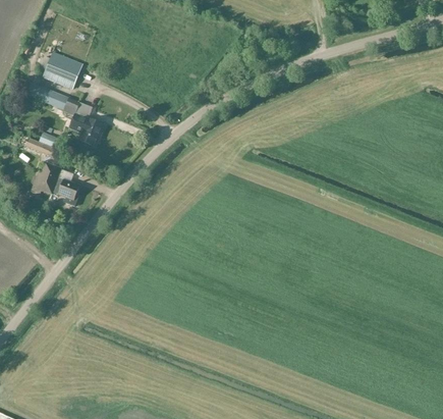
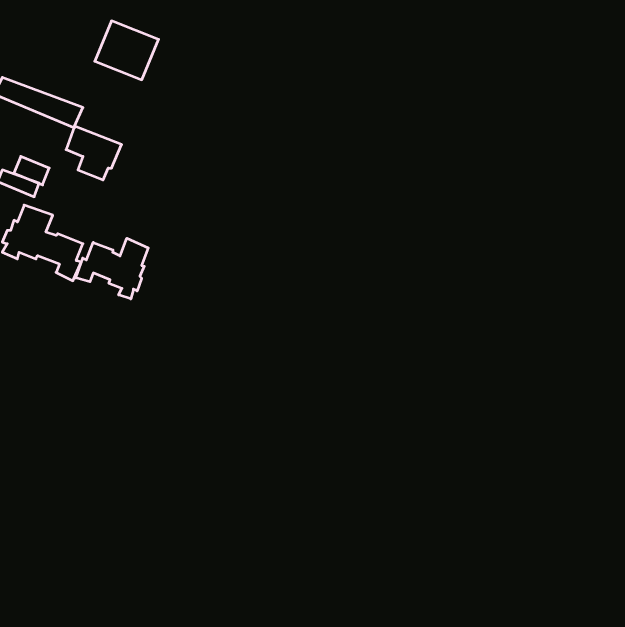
building: [44,53,82,89] -> [95,21,159,80]
building: none -> [76,238,148,299]

